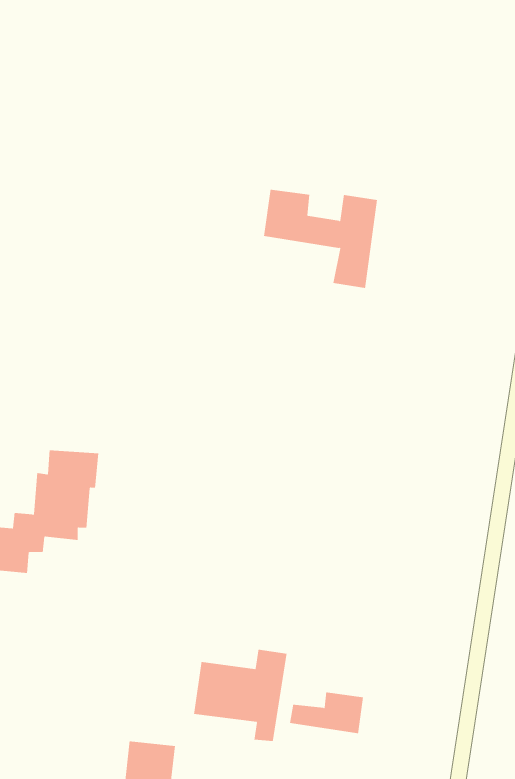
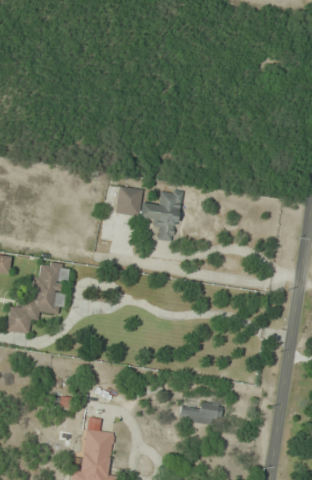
building: [263,189,378,289] -> [115,186,181,243]
building: [193,649,287,742] -> none

